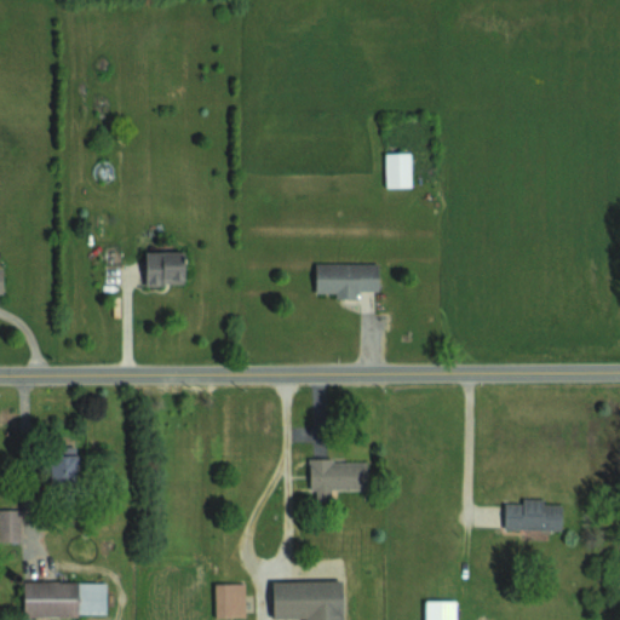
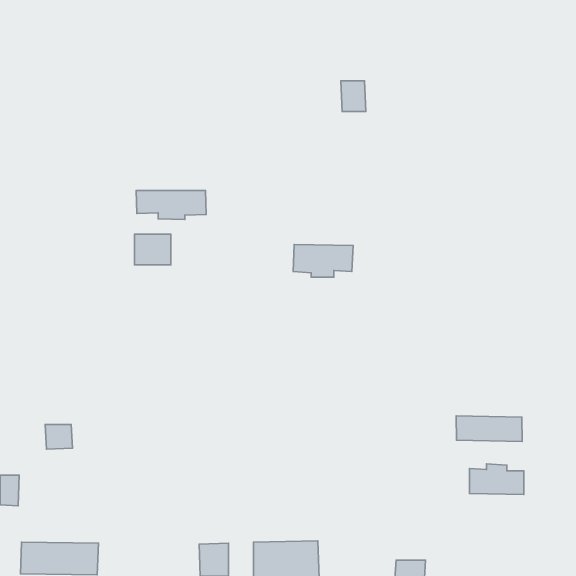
building: [386,155,413,188] -> [341,81,366,111]
building: none -> [136,191,206,219]
building: none -> [456,416,522,442]
building: [310,461,368,496] -> none

